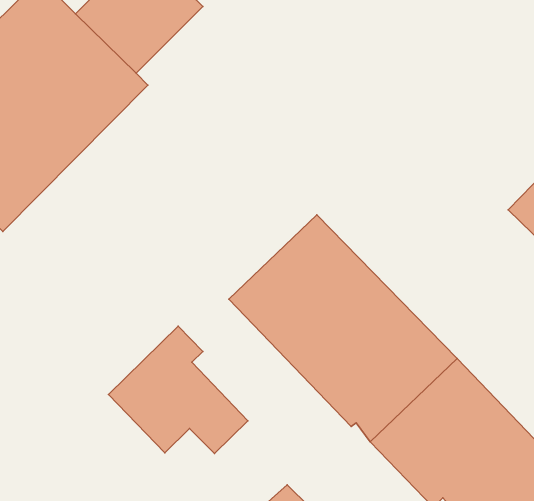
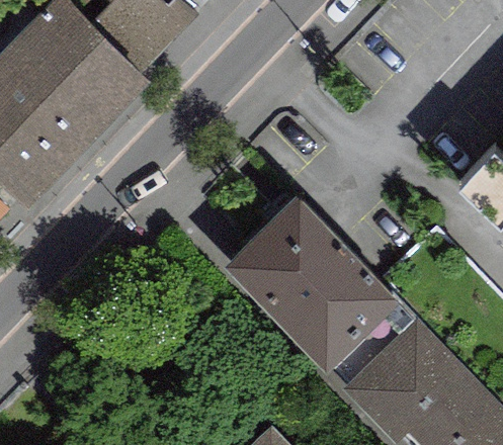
building: [109,326,248,454] -> none

